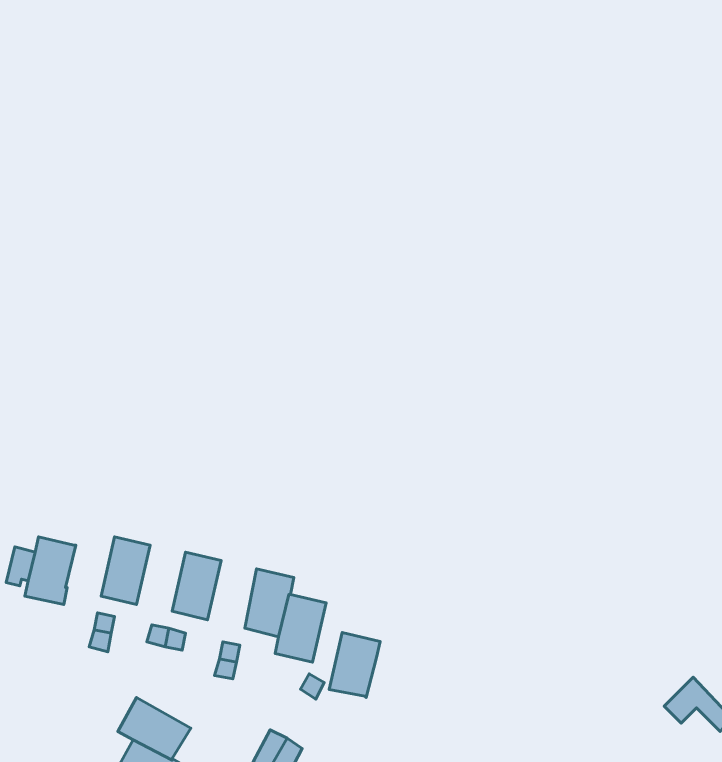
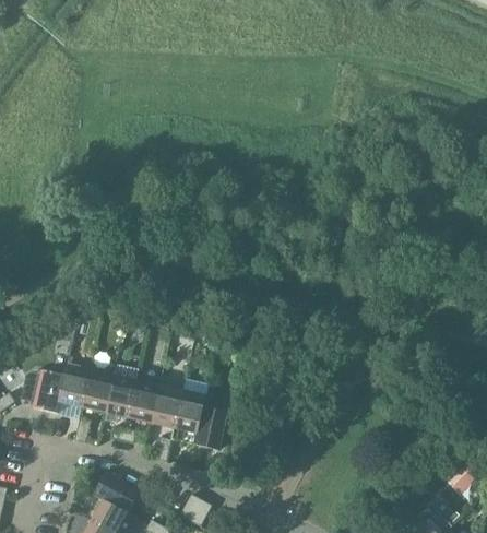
building: none -> [58,365,90,408]
building: none -> [104,376,135,418]
building: none -> [150,386,181,429]
building: [329,633,380,697] -> none

